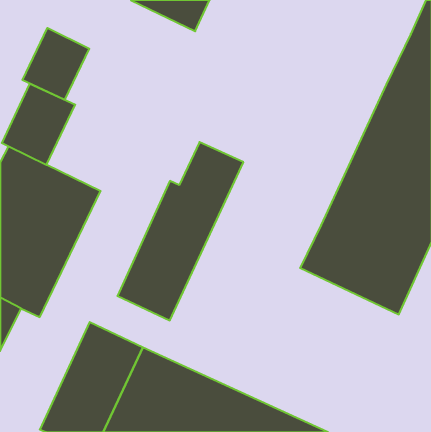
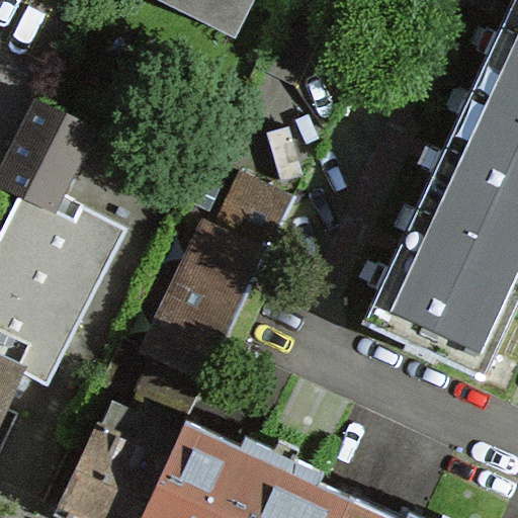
building: [22,28,89,100] -> none

